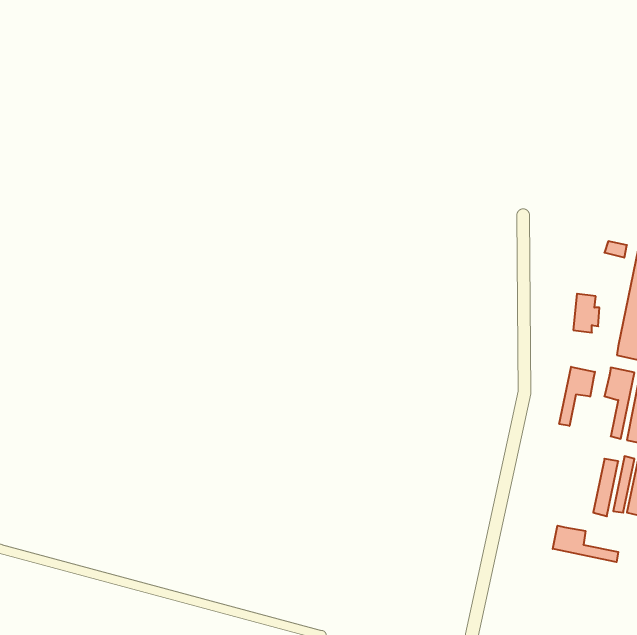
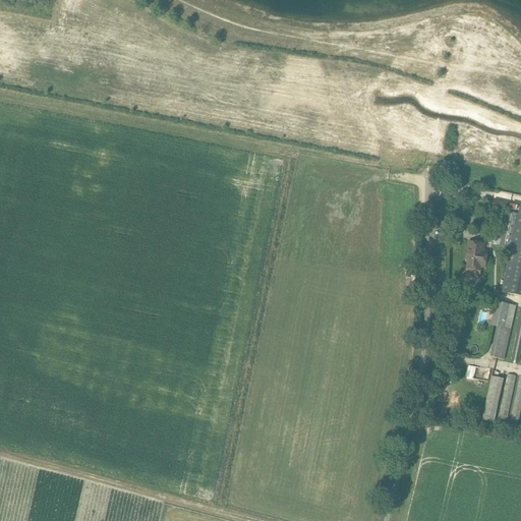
building: [559,367,595,426] -> none
building: [553,526,618,562] -> none

